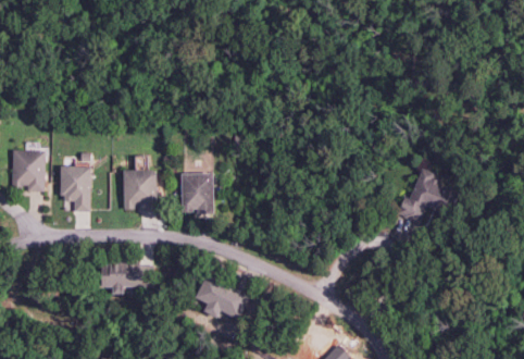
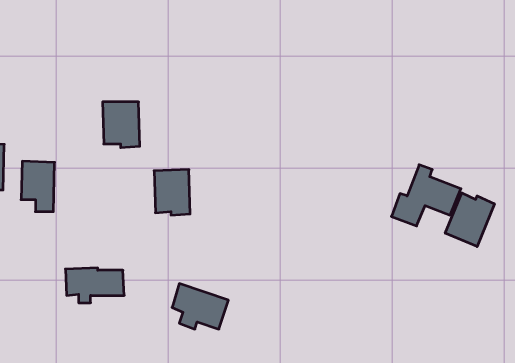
building: [123,170,157,211] -> [103,102,140,148]
building: none -> [445,193,494,247]

